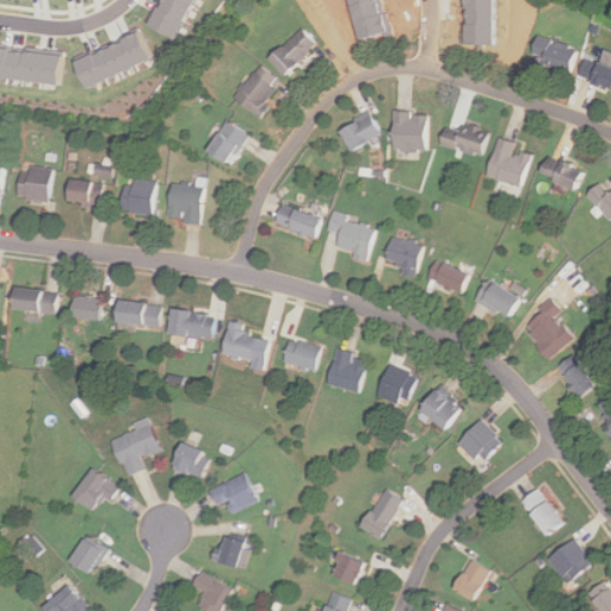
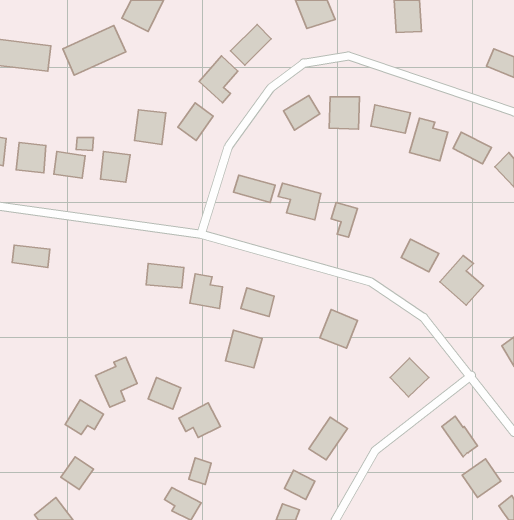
building: [532,39,572,73] -> none
building: [162,181,199,222] -> [134,110,166,145]
building: [422,261,465,295] -> none
building: [74,296,105,319] -> none
building: [118,301,162,326] -> none
building: [327,348,370,393] -> [226,330,262,368]
building: [551,353,593,399] -> none
building: [420,385,467,431] -> none
building: [450,560,488,601] -> none

